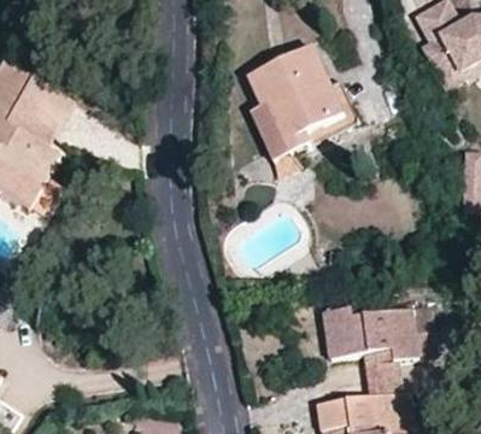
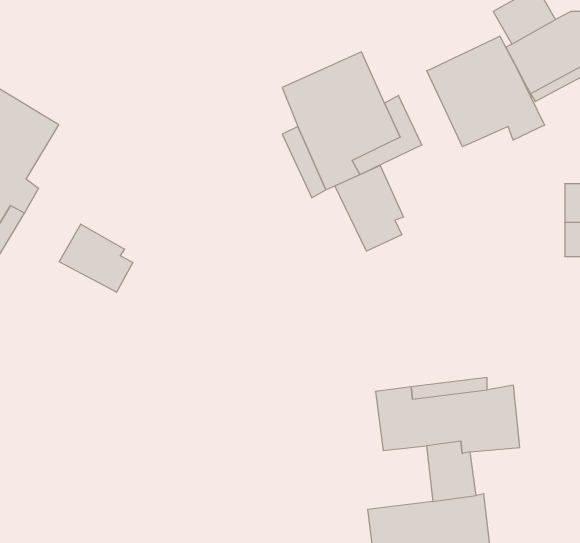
building: none -> [427,36,545,147]
building: none -> [335,165,403,251]
building: none -> [59,224,133,292]

